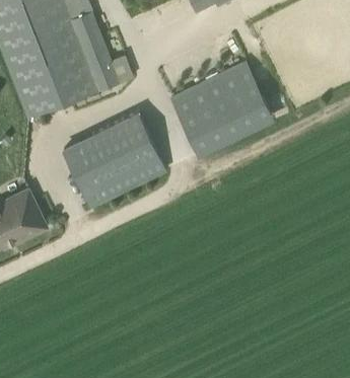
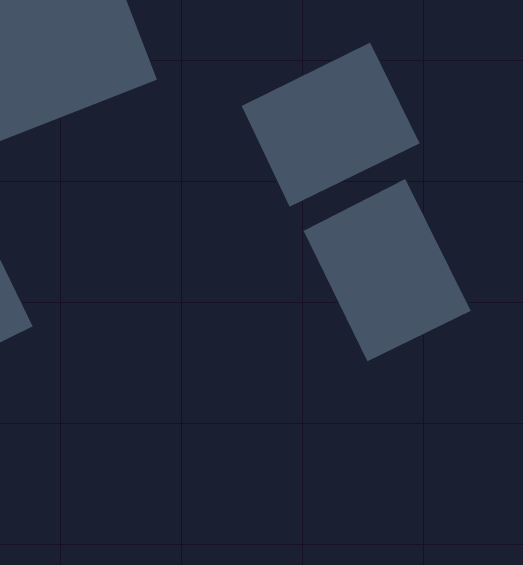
building: [64,114,166,207] -> none
building: none -> [303,178,471,362]

